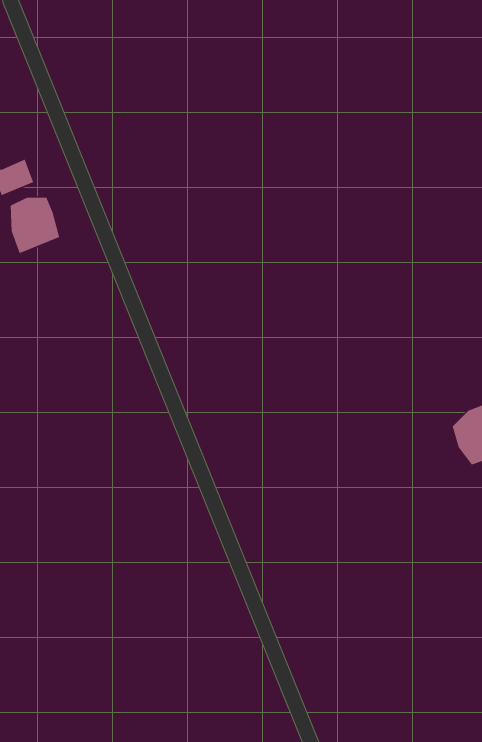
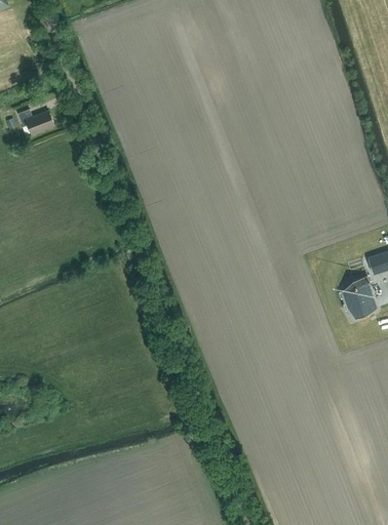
building: [10,197,60,254] -> none

